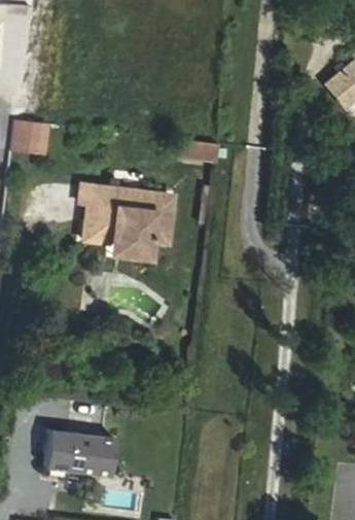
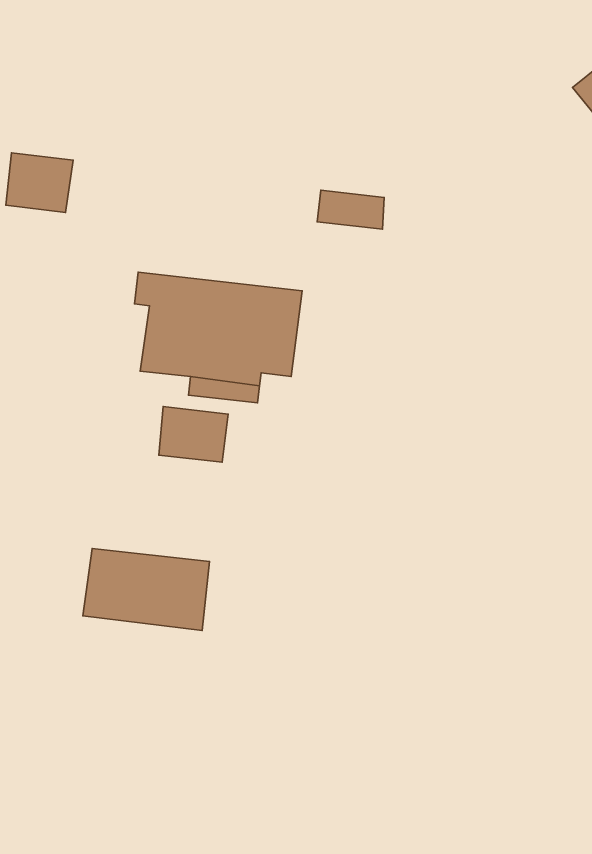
building: none -> [159,407,228,462]
building: [45,429,115,475] -> [83,549,210,631]

